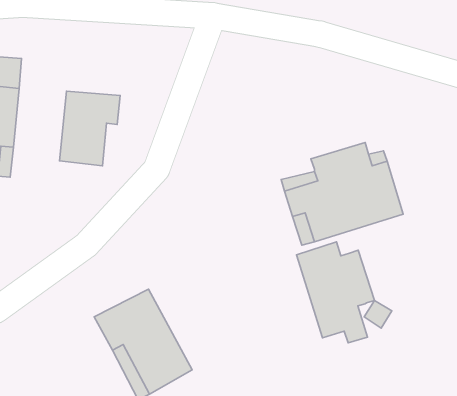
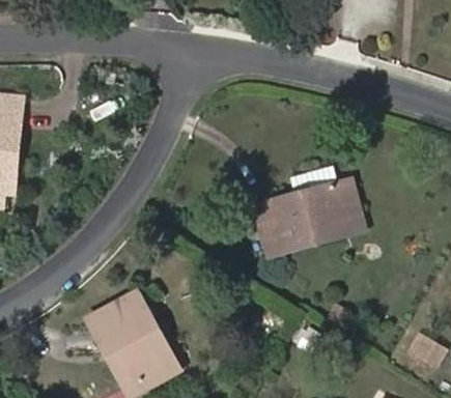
building: [59,91,120,166] -> none
building: [296,242,374,343] -> none

